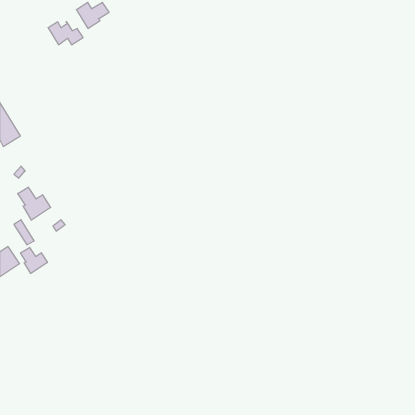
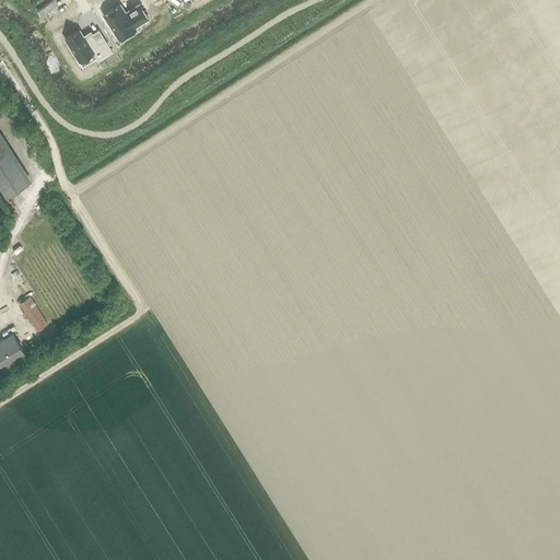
building: [18,187,51,220] -> none
building: [20,247,47,273] -> none

